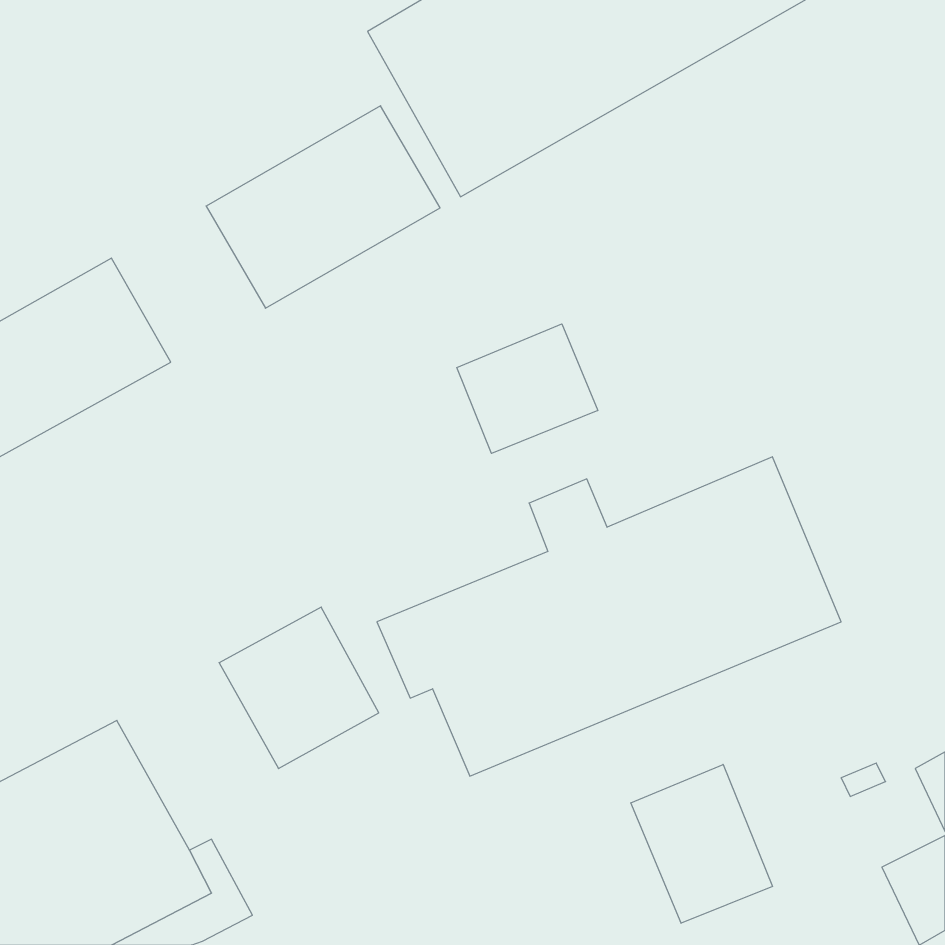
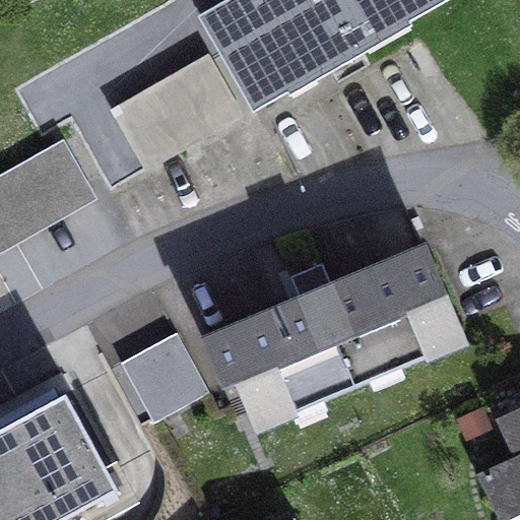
building: [457,324,598,453] -> none
building: [631,764,772,923] -> none

